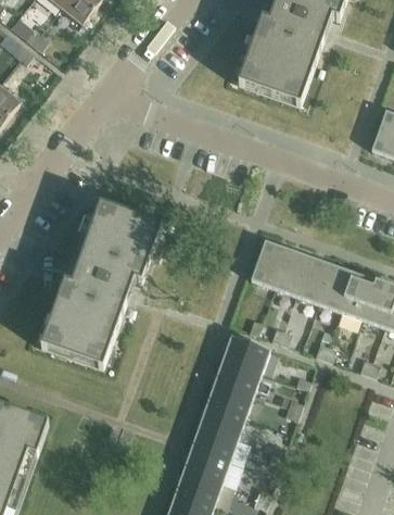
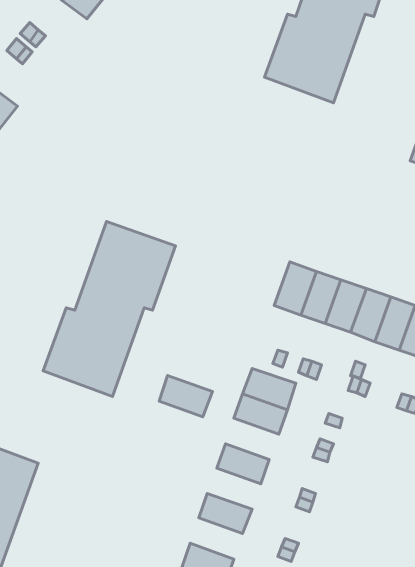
building: [206,380,254,417] -> [159,376,213,417]
building: [190,425,238,462] -> none
building: [175,469,221,506] -> none

